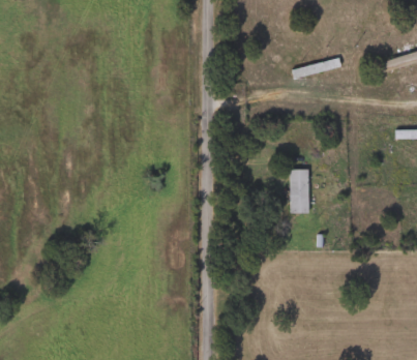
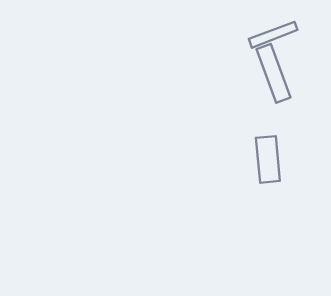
building: none -> [256,44,290,103]

